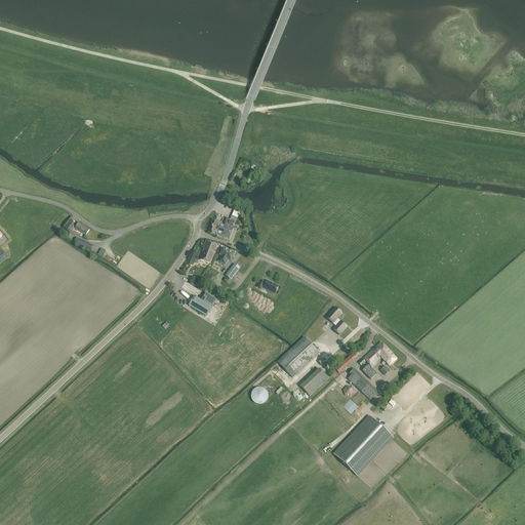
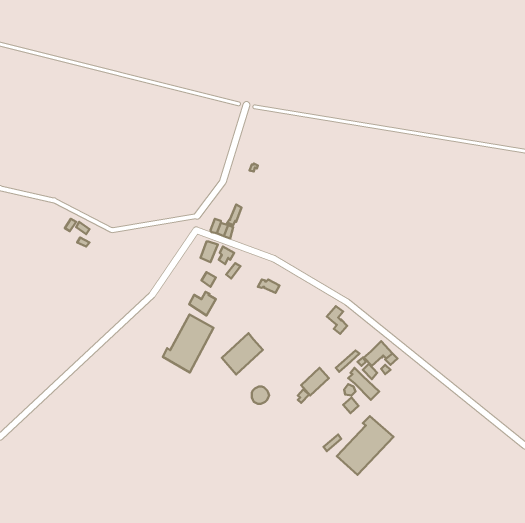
building: none -> [163,314,213,373]
building: [278,335,319,376] -> [222,333,263,374]

